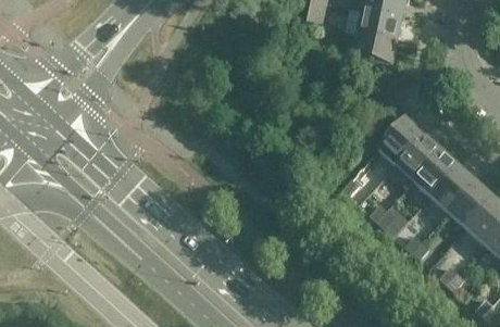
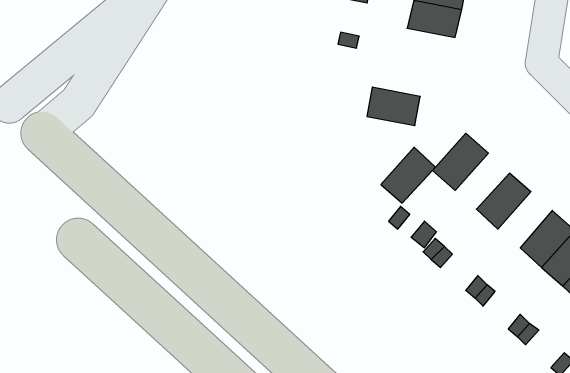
building: [352,29,396,61] -> [367,87,420,126]
building: [396,131,440,177] -> [381,147,435,203]
building: [430,163,475,209] -> none

